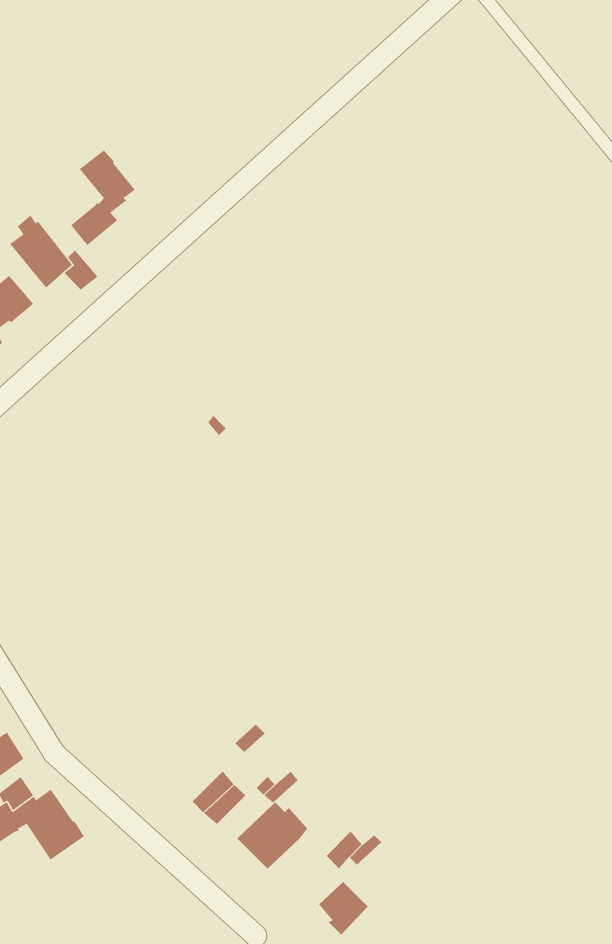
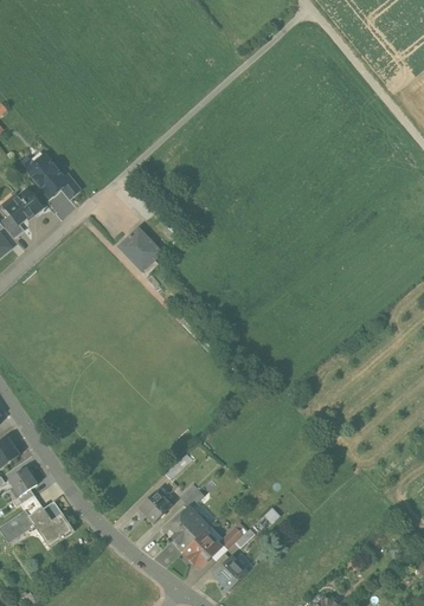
building: [70,149,136,246] -> none
building: none -> [120,226,160,266]
building: none -> [184,531,219,567]

